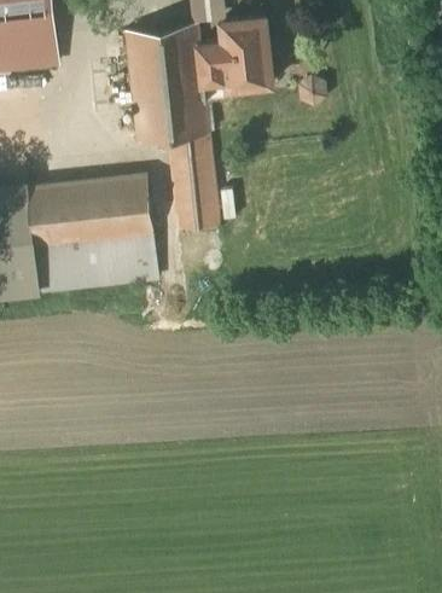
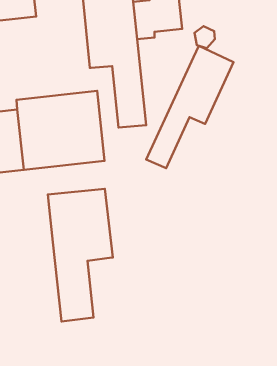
building: none -> [146,46,233,168]
building: none -> [48,189,113,321]

